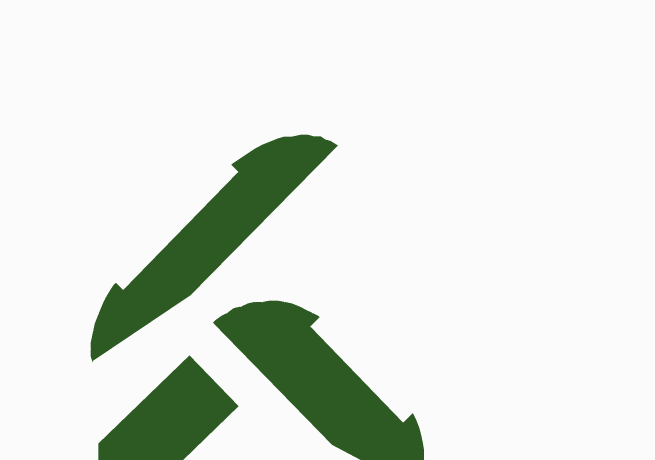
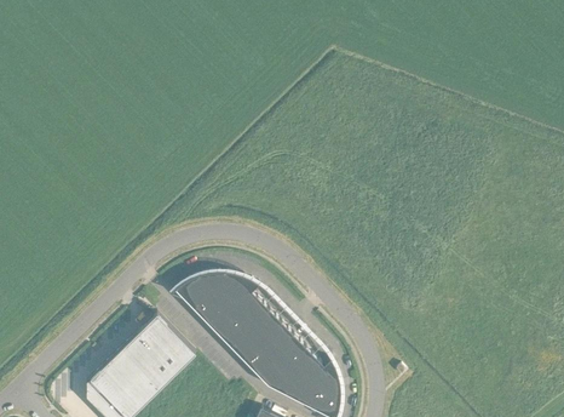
building: [90,134,339,365] -> none

